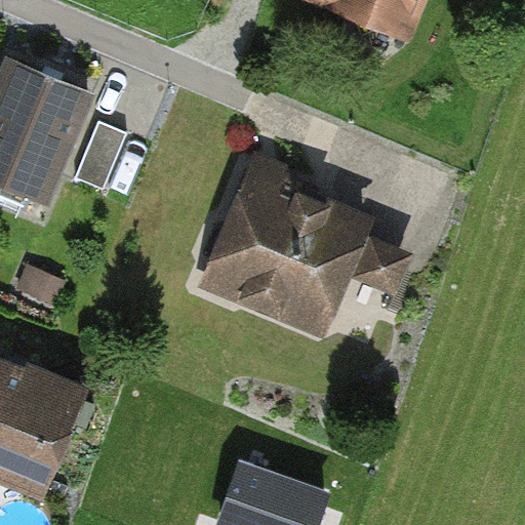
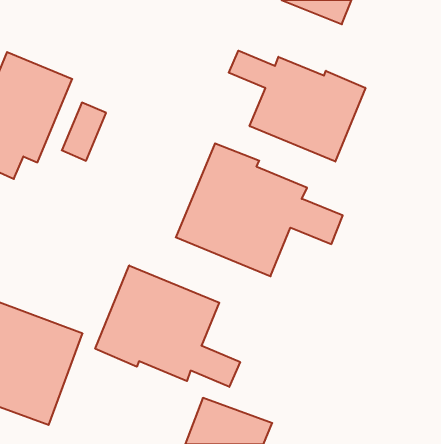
building: none -> [229,51,365,162]
building: none -> [95,265,240,387]

